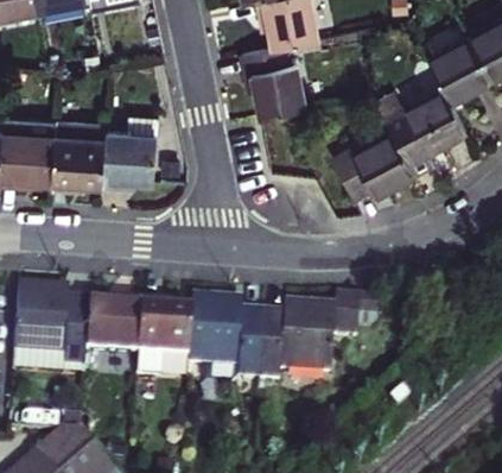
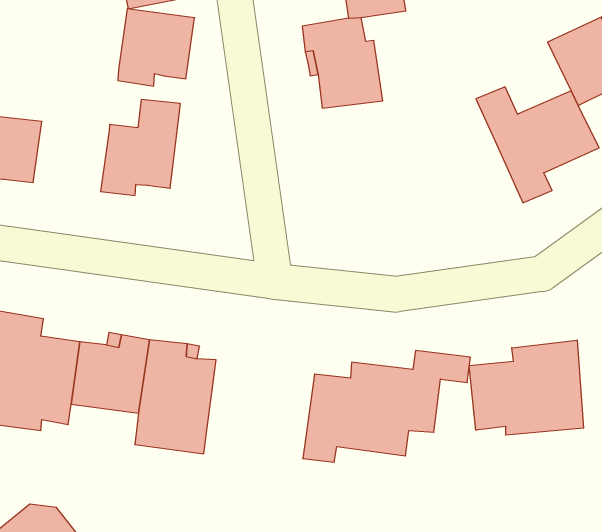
building: [336,137,417,203] -> none
building: [47,139,102,196] -> [118,9,195,86]
building: none -> [469,340,584,435]
building: [190,297,268,384] -> none

